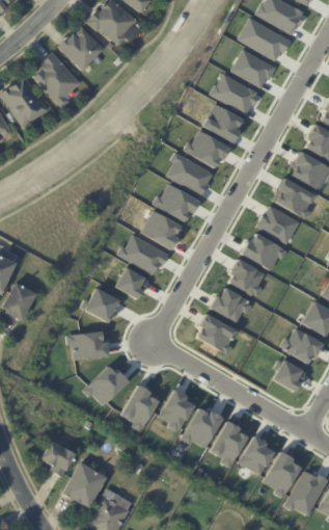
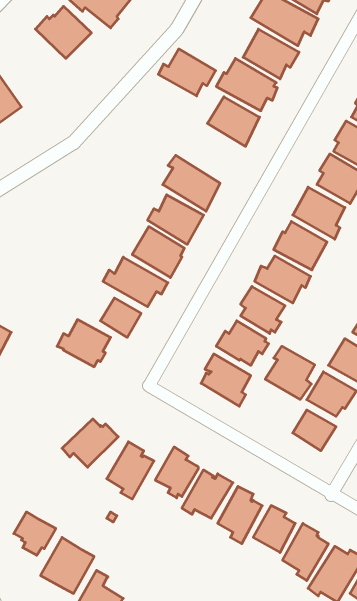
building: [38,56,83,111] -> none
building: [183,129,229,167] -> [158,49,216,96]
building: none -> [265,346,315,399]
building: [66,330,108,360] -> none

